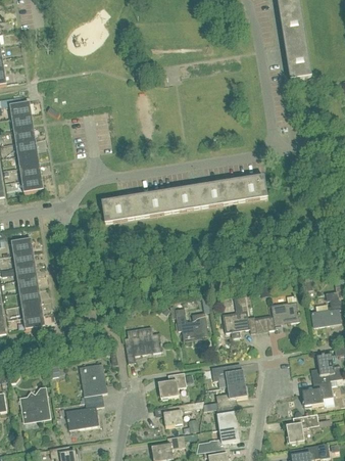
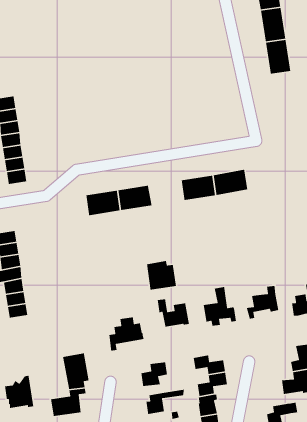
building: [165,187,201,214] -> none
building: none -> [146,260,177,290]

